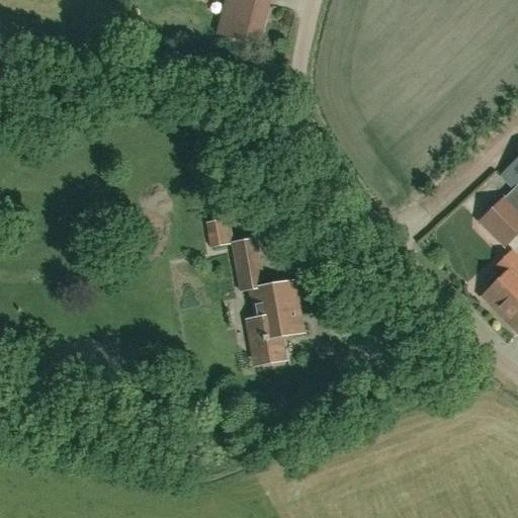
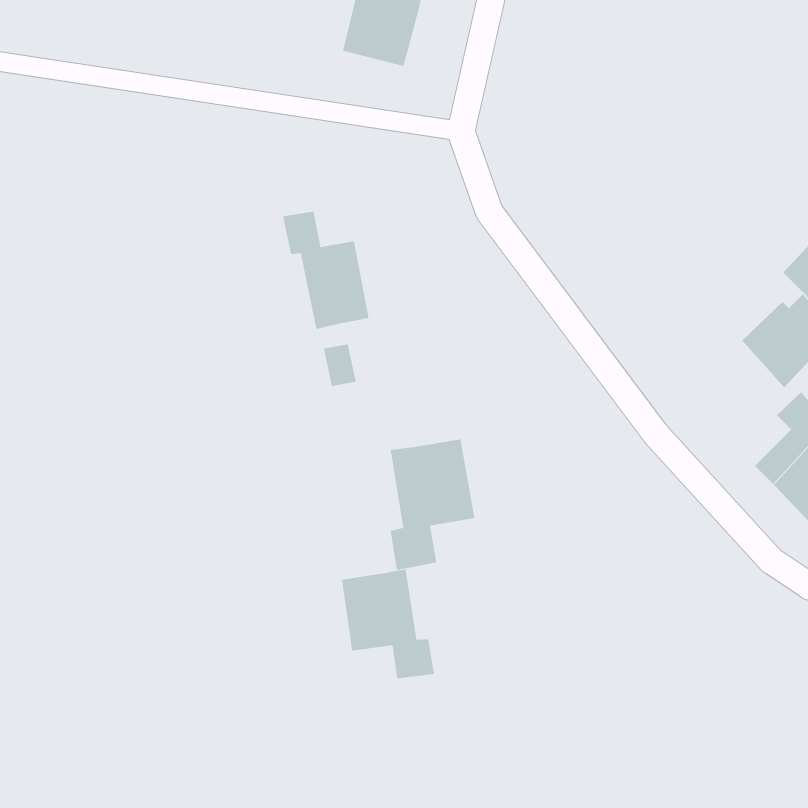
building: none -> [283,211,369,330]
building: [233,238,265,289] -> none
building: none -> [342,569,434,679]

